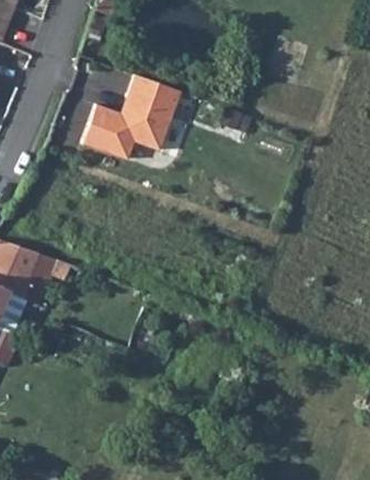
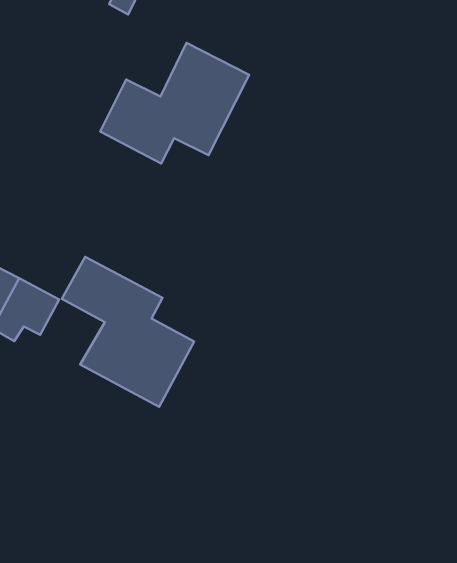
building: none -> [62,257,194,407]

